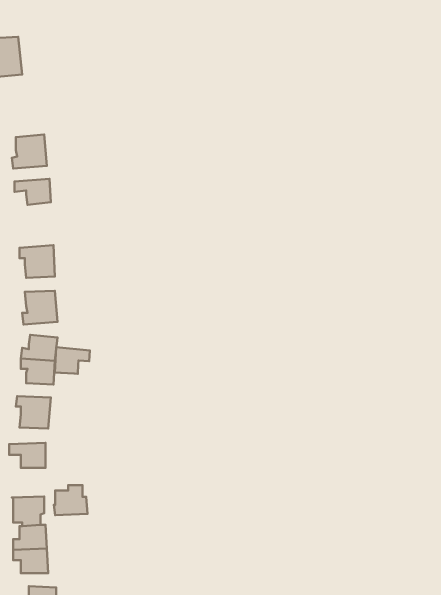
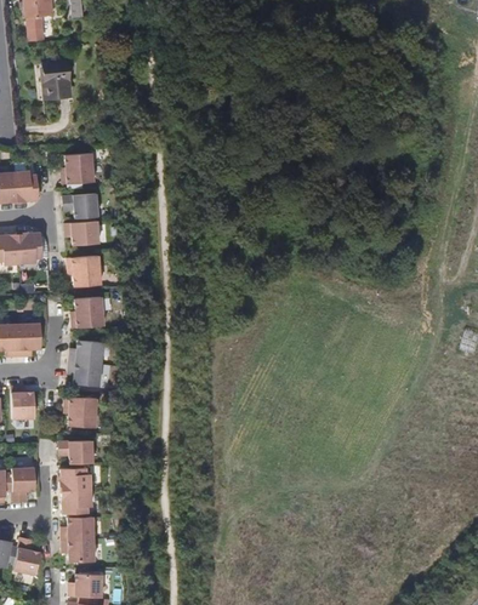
building: none -> [64,221,98,245]
building: [55,347,90,374] -> none
building: [54,485,88,515] -> [59,463,91,491]

